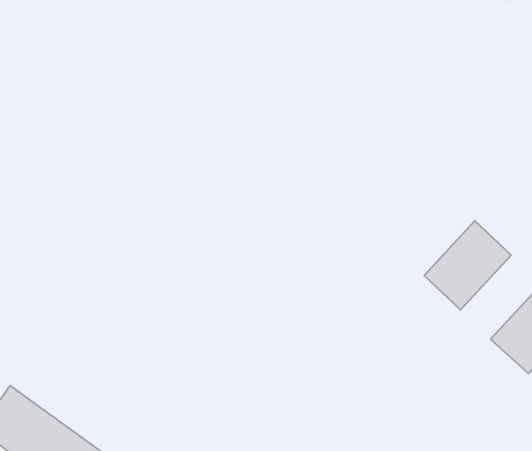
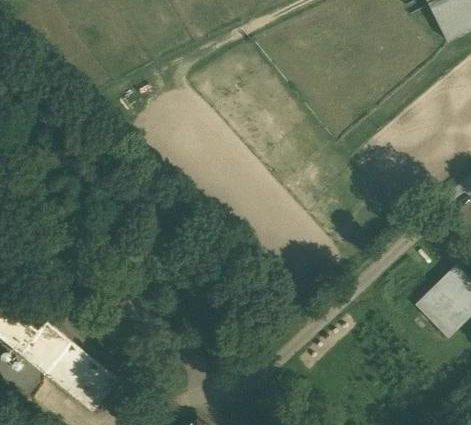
building: [424,221,511,310] -> none

